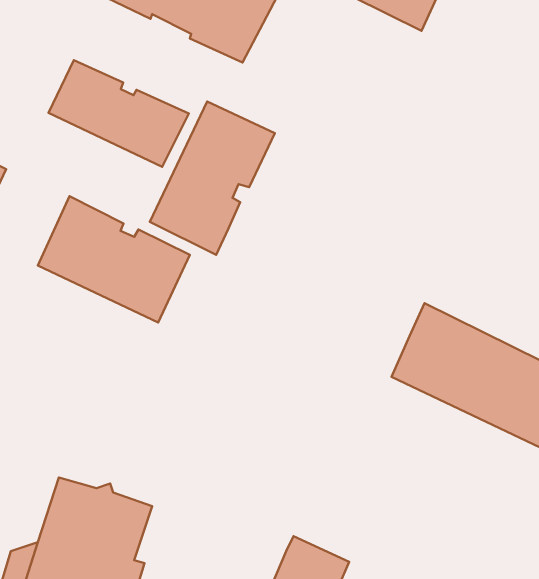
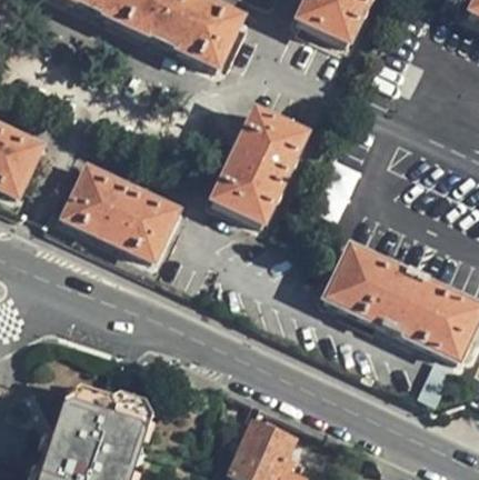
building: [48,60,189,167] -> none
building: [150,101,275,255] -> [213,112,306,226]

